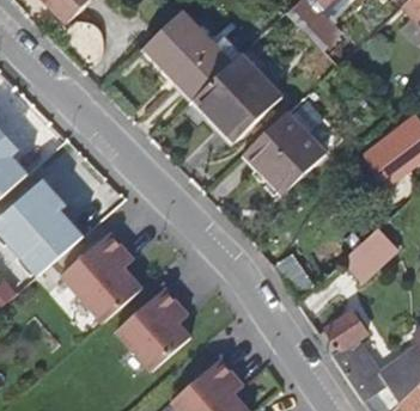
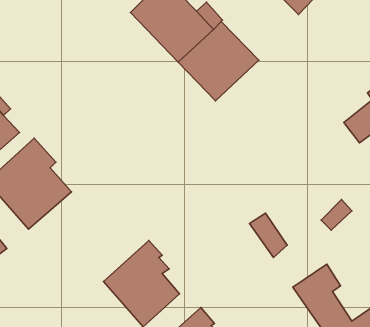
building: [245,112,325,192] -> none
building: [61,232,142,321] -> none

